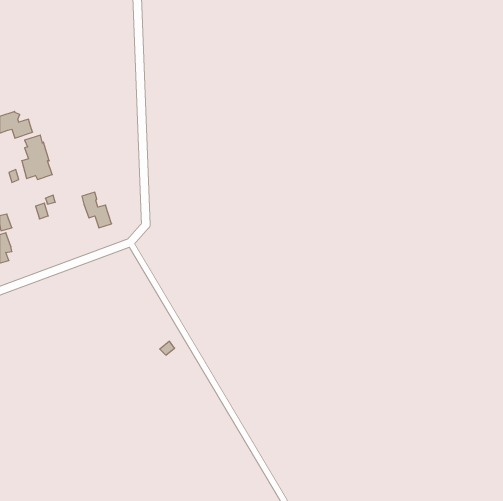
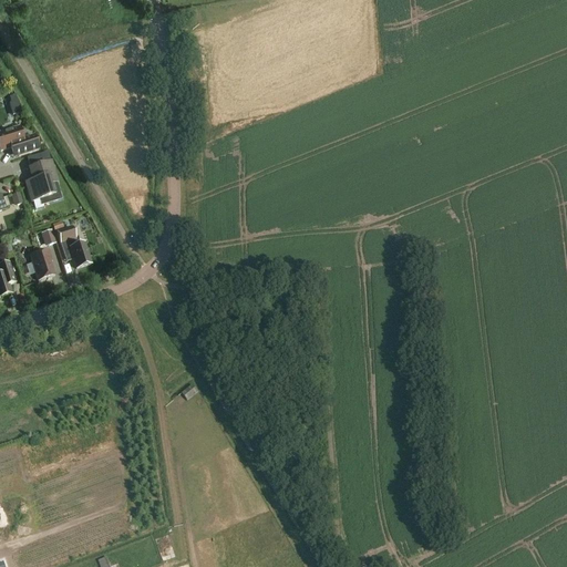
building: [82,192,112,228] -> [56,227,90,267]
building: none -> [29,248,53,279]

